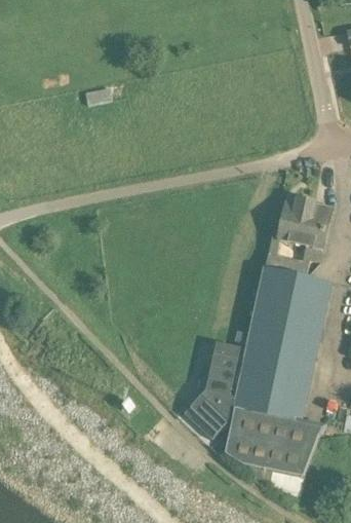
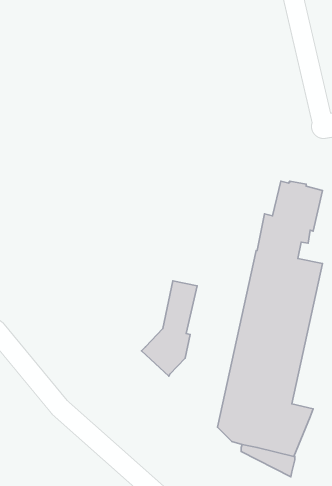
building: [184,341,240,438] -> [141,281,197,376]

